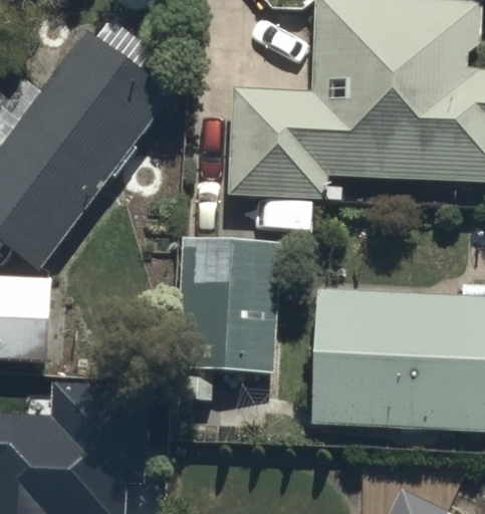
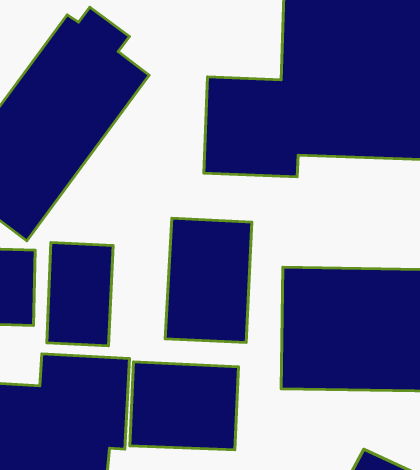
building: none -> [47,242,113,346]
building: none -> [130,362,239,450]

